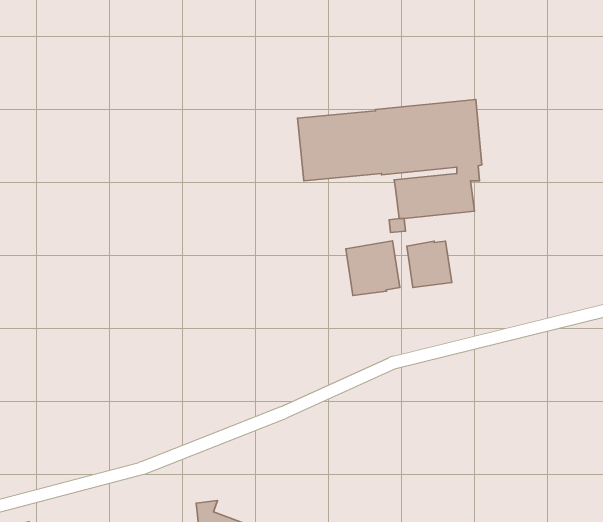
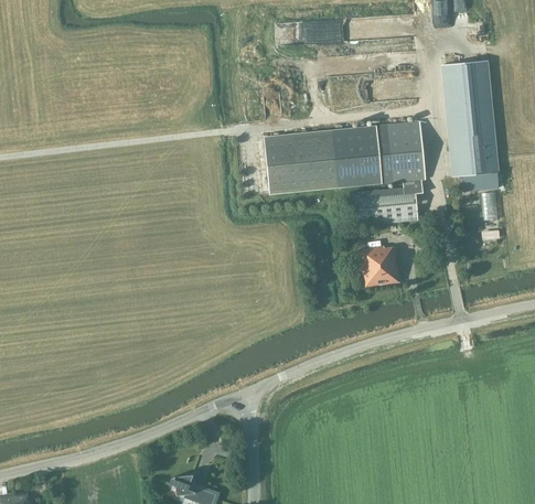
building: none -> [442,60,500,191]
building: [346,241,400,295] -> none

